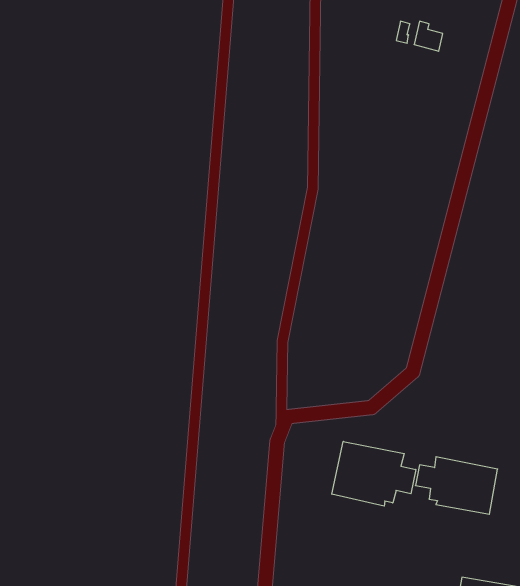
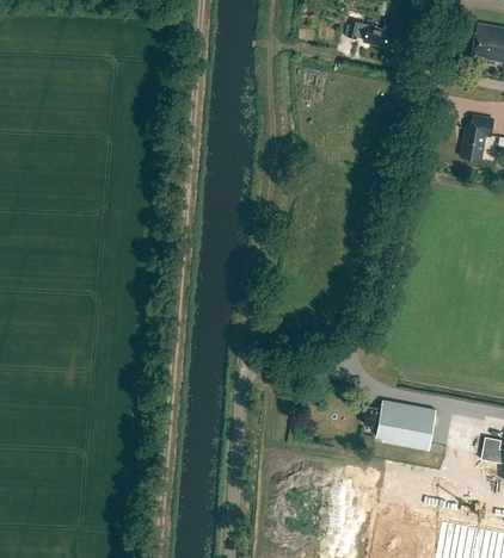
building: [332,441,416,506] -> none

